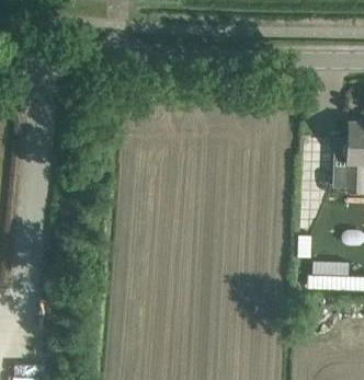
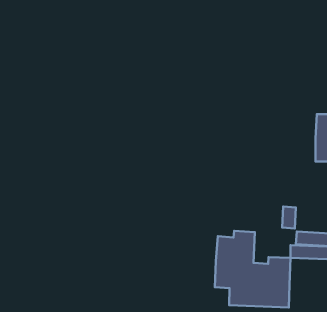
building: none -> [215,231,291,307]

